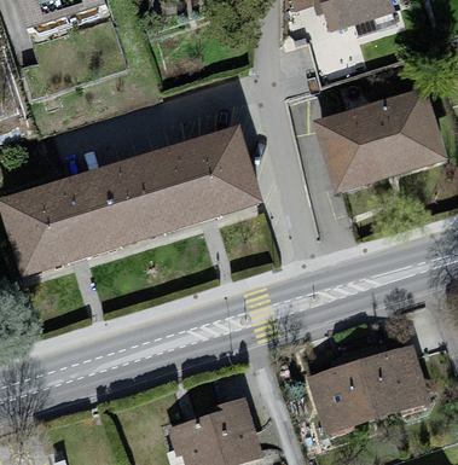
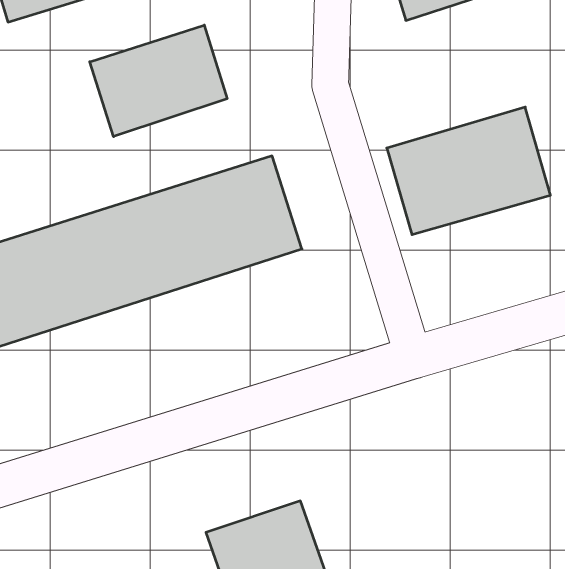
building: none -> [90,25,227,137]
building: [308,341,431,434] -> none

